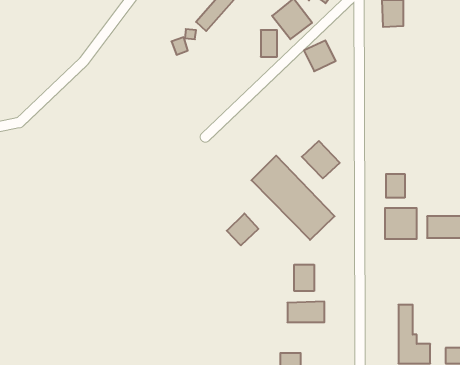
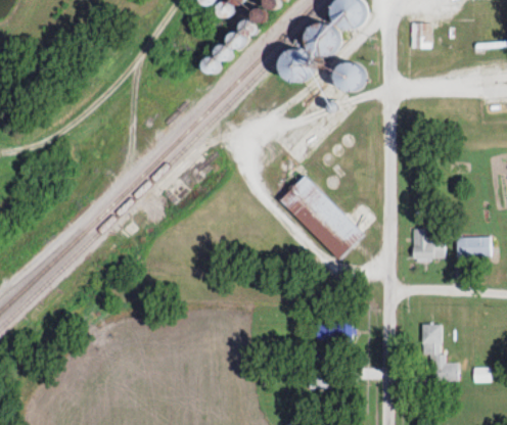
building: [302,141,340,178] -> none
building: [386,174,405,198] -> none
building: [227,213,258,245] -> none
building: [294,265,314,291] -> none

